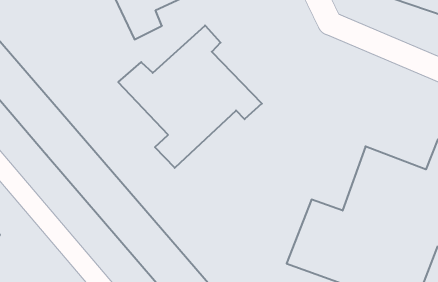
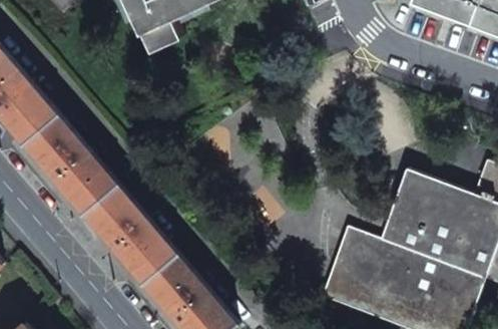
building: [118,25,262,168] -> none

